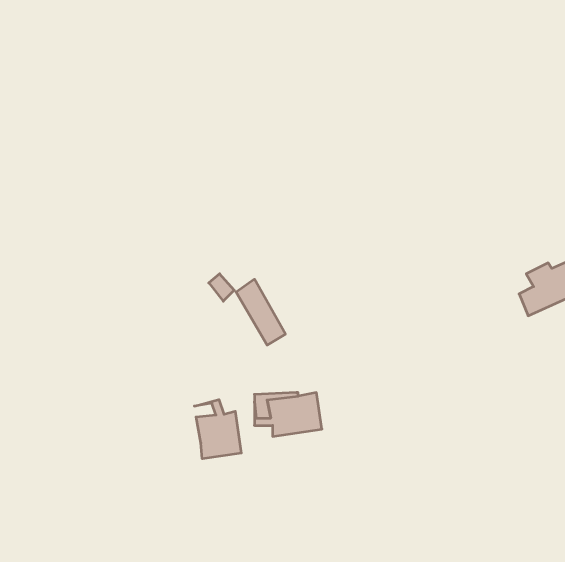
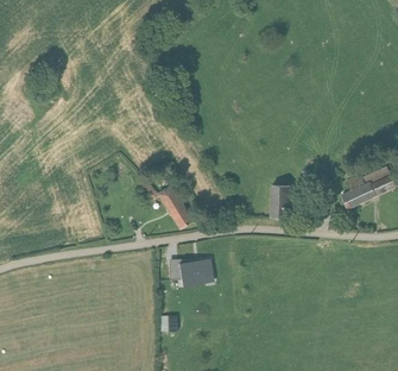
building: none -> [272,183,292,218]
building: [194,400,241,459] -> none

